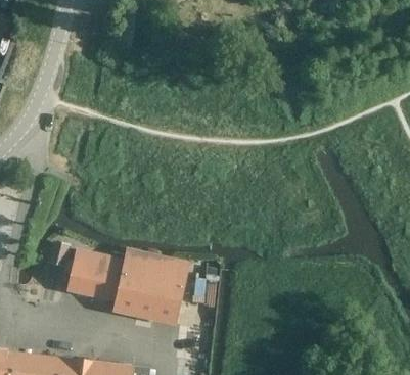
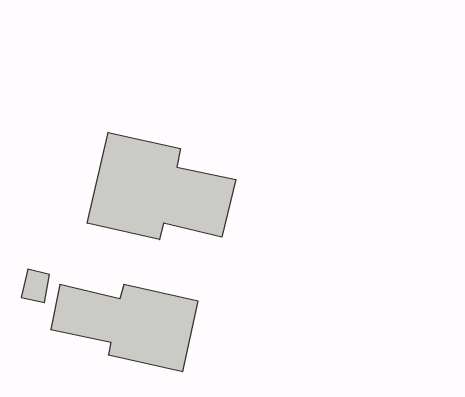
building: none -> [87,132,236,240]

